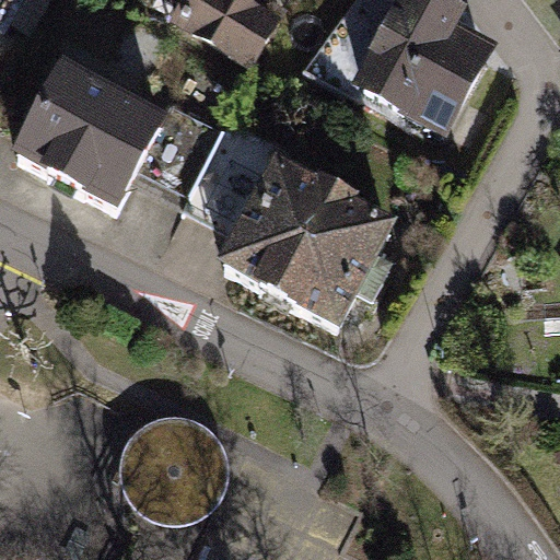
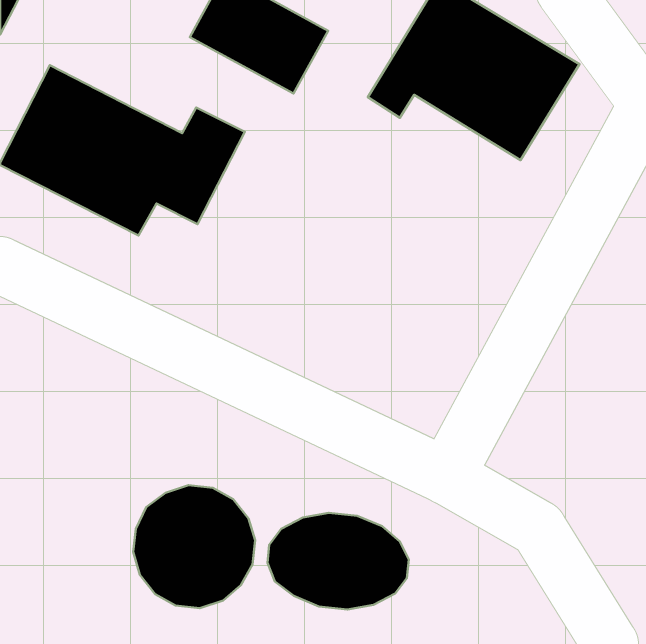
building: [176,113,394,322] -> none
building: none -> [267,513,409,609]

